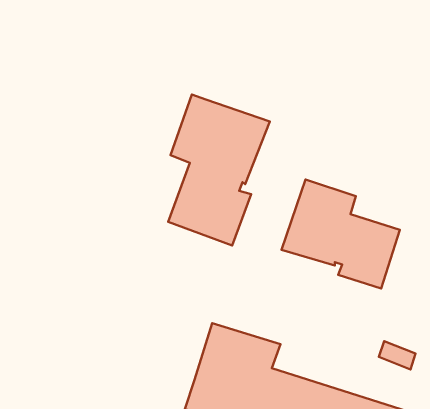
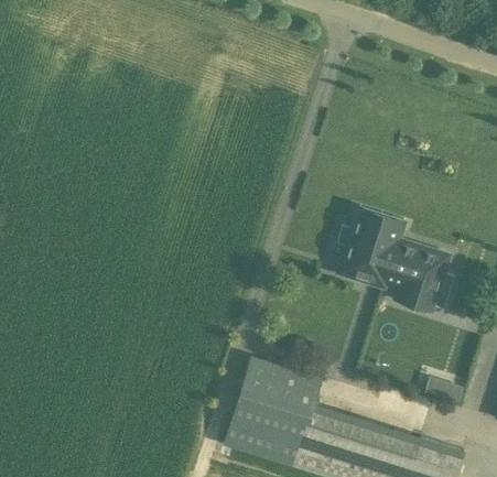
building: [168,95,270,245] -> none

